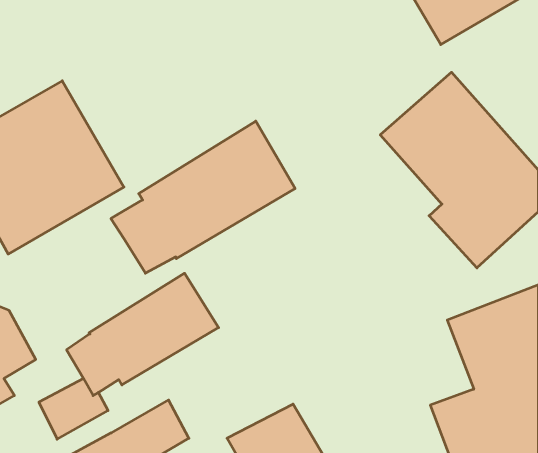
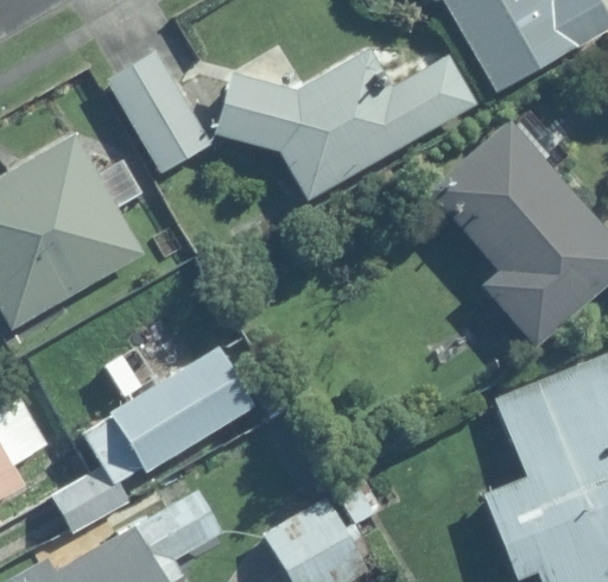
building: none -> [107,51,211,172]
building: none -> [217,51,477,198]
building: [111,121,295,273] -> none

